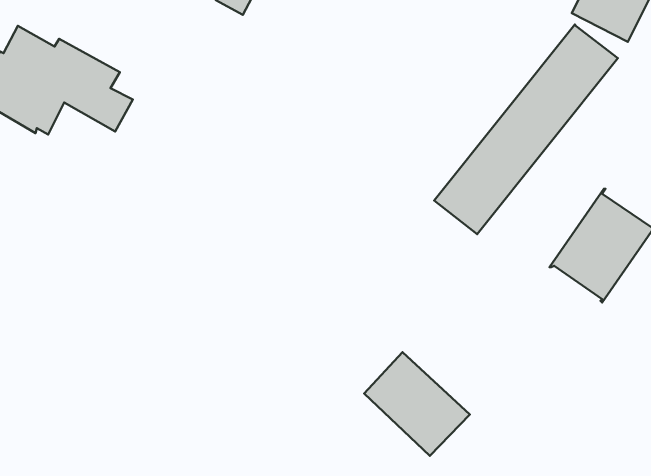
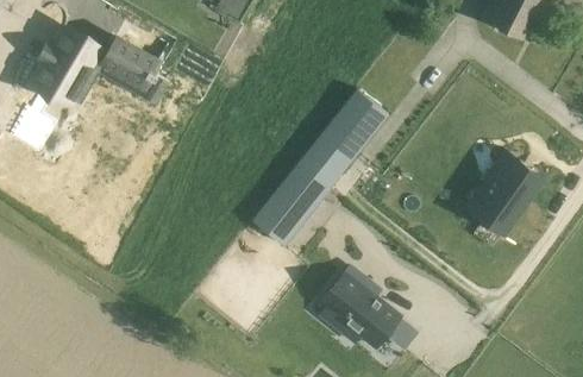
building: [434,25,618,234] -> [251,89,388,245]

